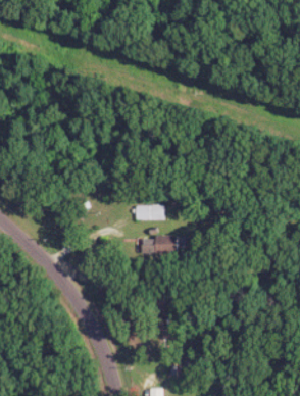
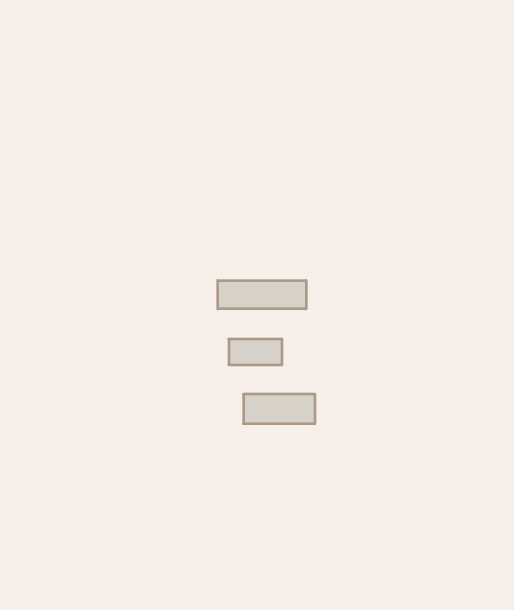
building: none -> [218,280,306,309]

